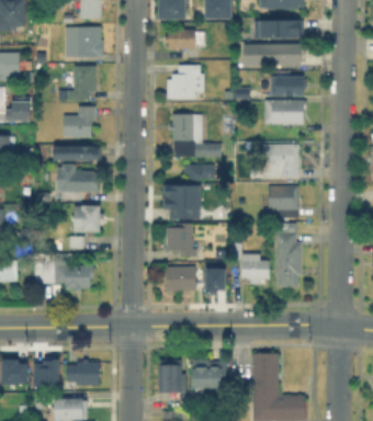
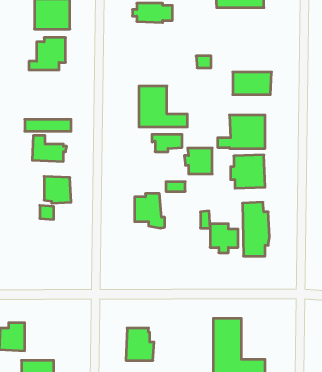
building: [245,46,301,67] -> none
building: [171,66,204,100] -> none
building: [270,78,308,98] -> none
building: [66,107,99,138] -> none
building: [169,190,197,216] -> [184,148,212,174]
building: [38,262,97,292] -> none
building: [162,263,193,288] -> none
building: [203,266,224,293] -> none
building: [64,356,98,383] -> none
building: [190,359,224,385] -> none

